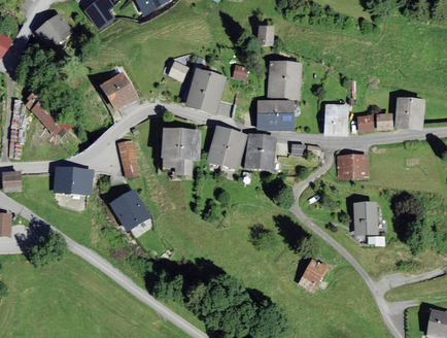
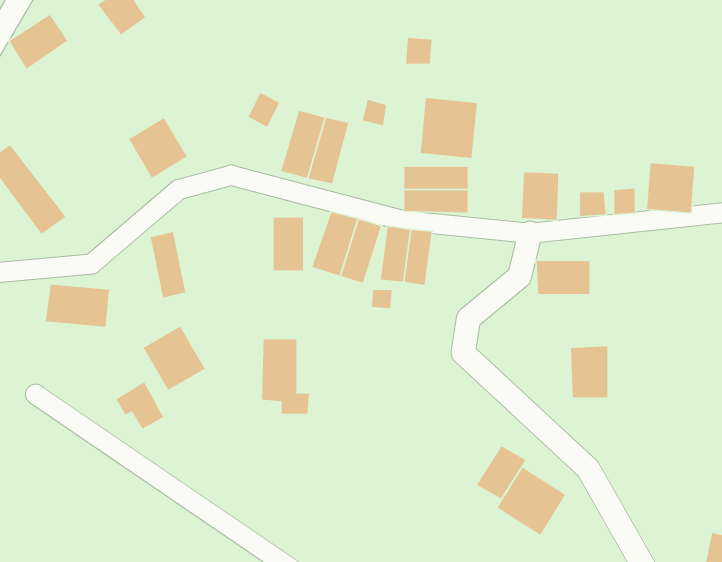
building: [164,130,192,173] -> [261,338,310,415]
building: none -> [116,381,164,430]
building: none -> [496,467,566,536]

